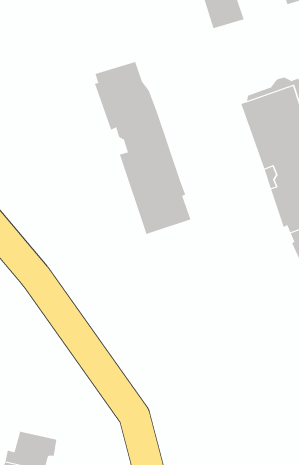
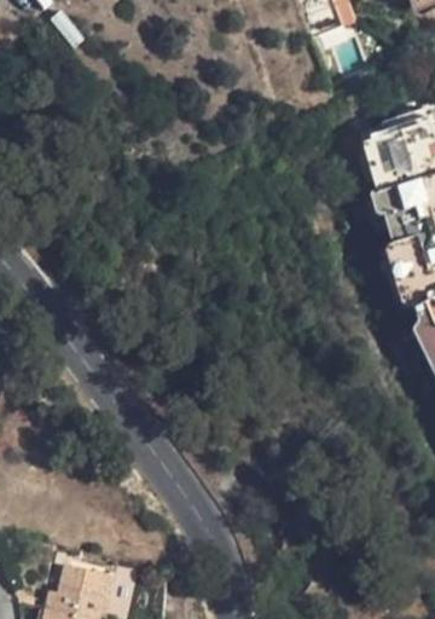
building: [94,61,191,235] -> none

